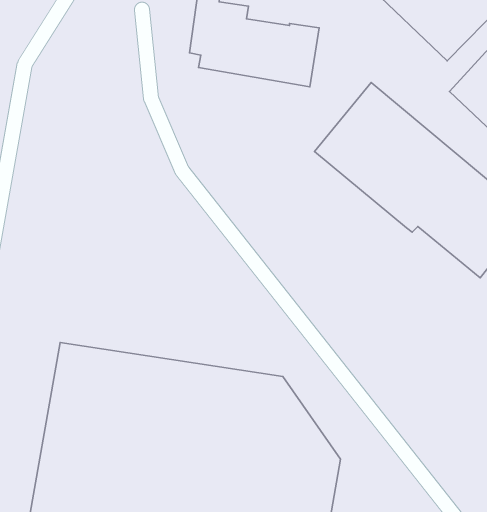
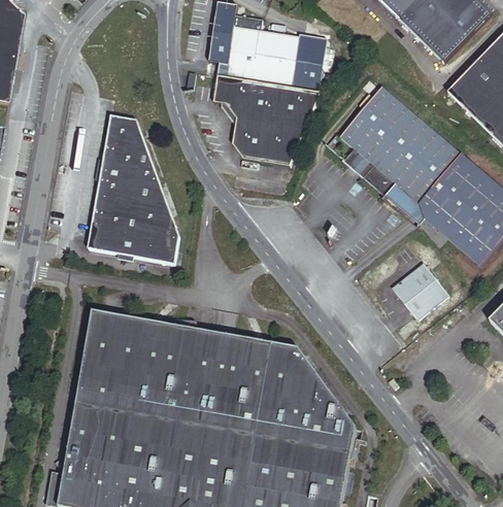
building: none -> [215,70,323,162]
building: none -> [80,112,173,260]
building: none -> [393,259,452,316]

